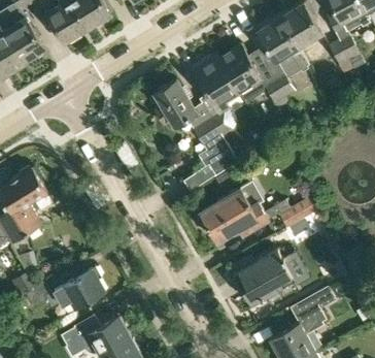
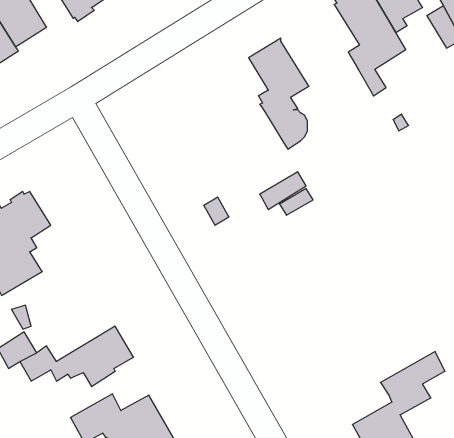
building: [215,45,285,107] -> none
building: [152,79,218,144] -> none
building: [199,188,322,241] -> none
building: [232,249,295,305] -> none

